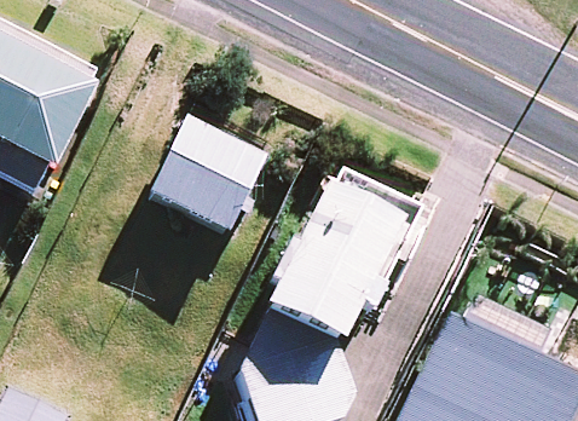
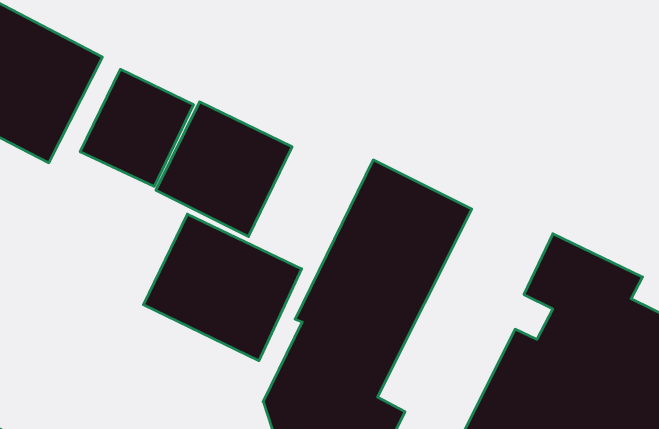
building: none -> [80,69,193,186]
building: none -> [143,214,302,361]

